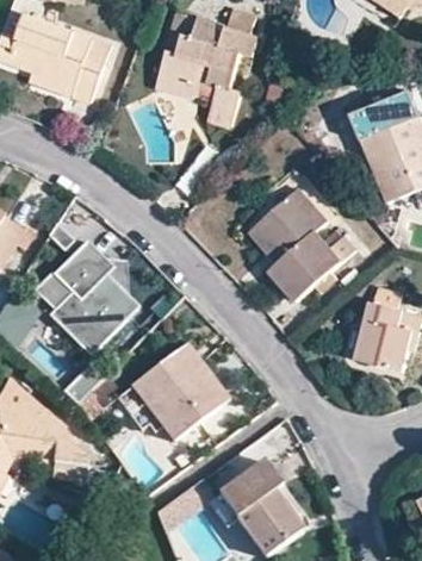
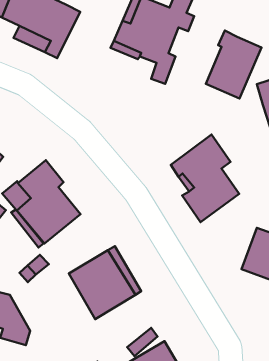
building: none -> [206,31,261,98]

